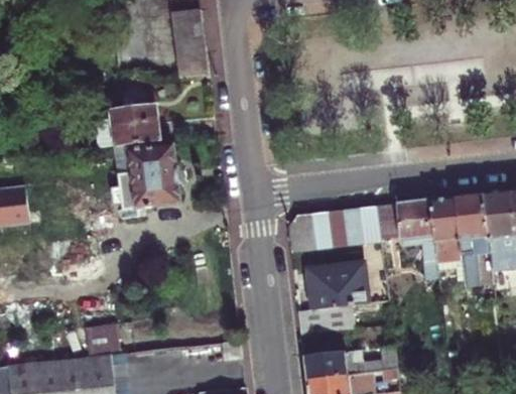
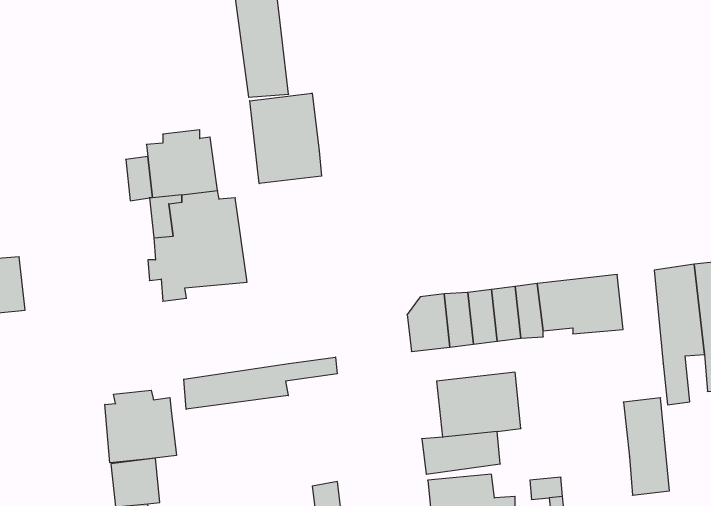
building: none -> [250,93,322,184]
building: [431,195,463,262] -> [623,398,669,495]
building: none -> [184,357,337,409]
building: none -> [105,390,176,463]

